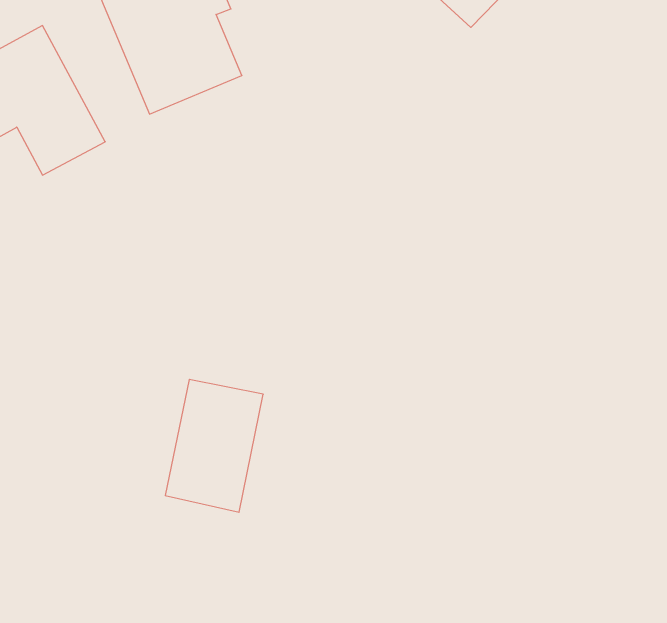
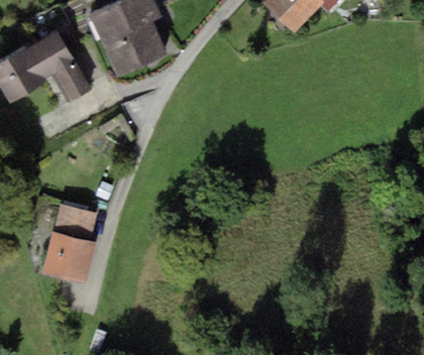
building: [165,379,263,512] -> [45,207,99,279]

